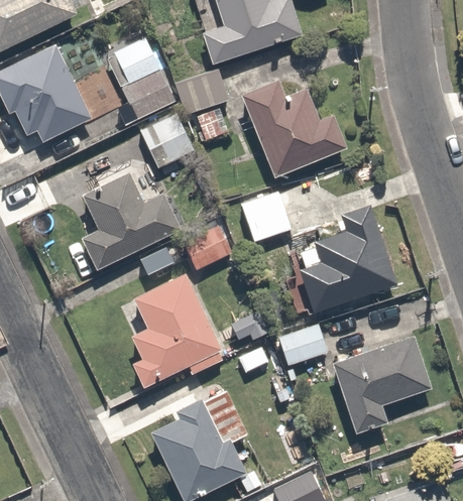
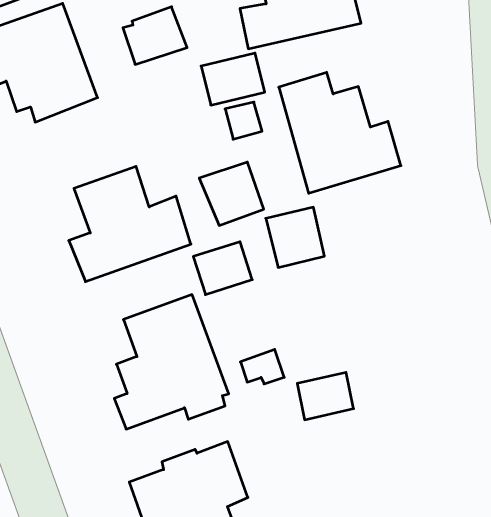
building: [122,70,178,121] -> none
building: [139,114,195,168] -> [199,162,264,225]
building: [297,204,397,315] -> none
building: [331,335,433,434] -> none

